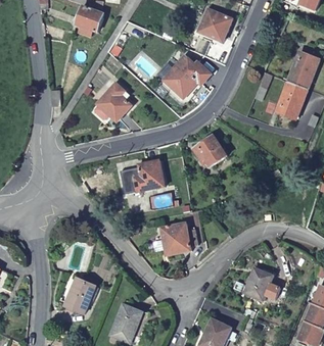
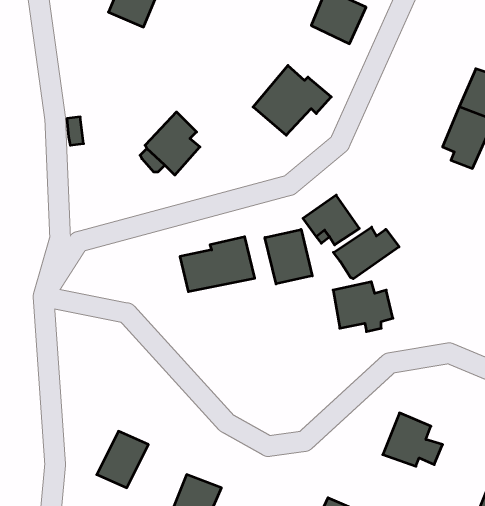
building: none -> [333,227,399,279]
building: none -> [265,229,312,284]
building: [160,223,197,253] -> [333,282,393,332]

